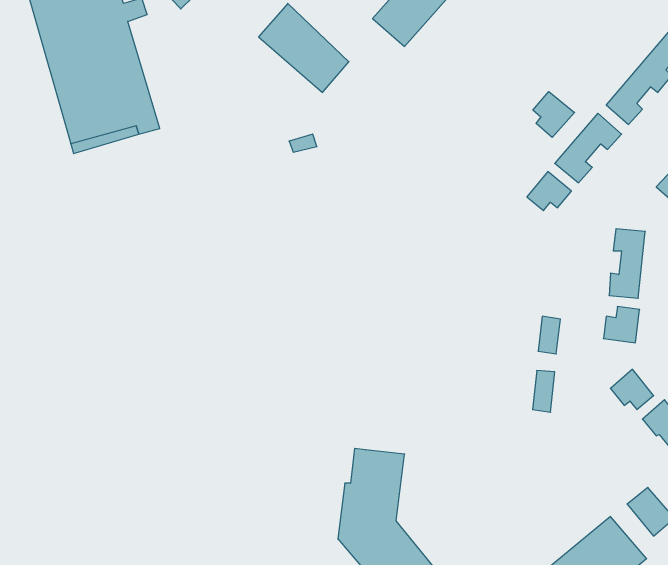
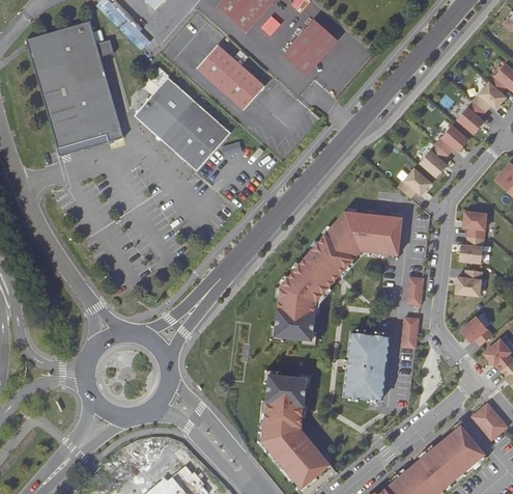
building: none -> [135,77,230,170]
building: [533,92,575,137] -> none
building: none -> [274,211,402,339]
building: none -> [345,332,389,399]

